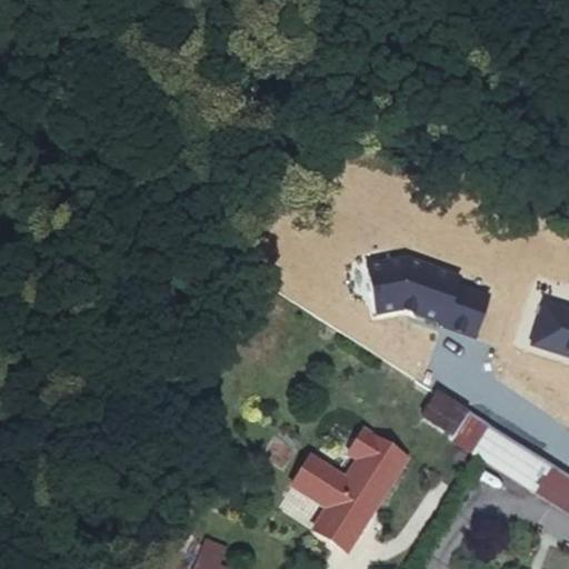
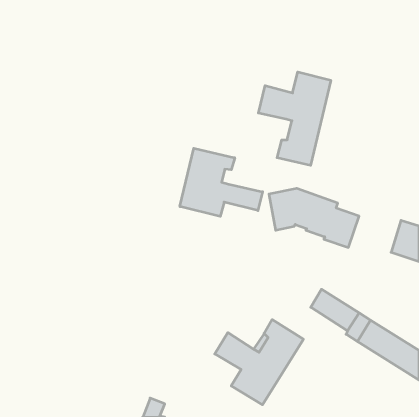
building: none -> [258,72,331,165]
building: none -> [180,148,263,216]

